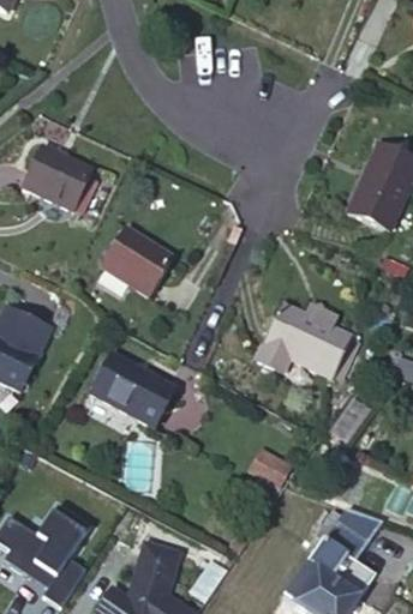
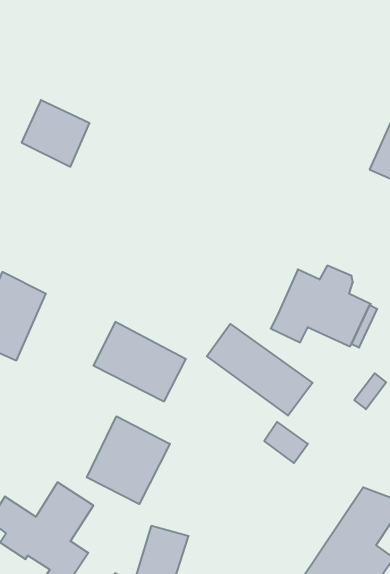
building: [102,228,172,295] -> none
building: none -> [207,324,313,416]
building: none -> [87,416,170,504]

